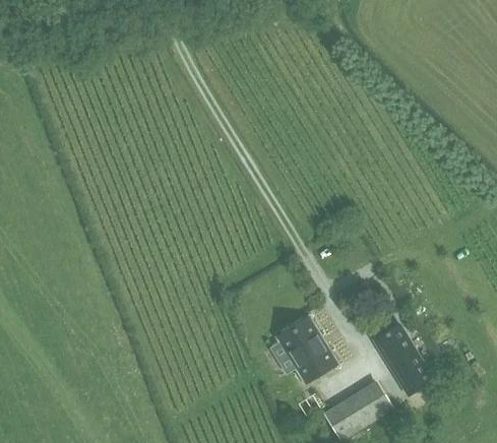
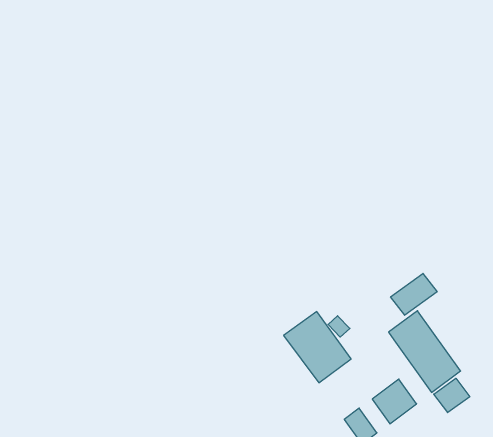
building: none -> [391,273,437,315]
building: none -> [434,378,470,413]

